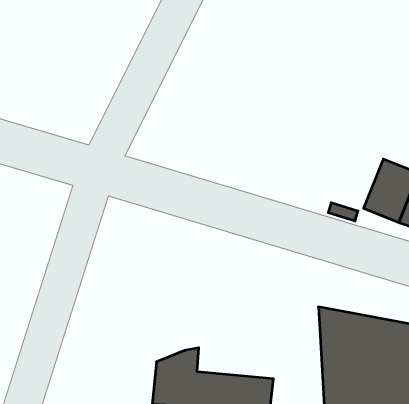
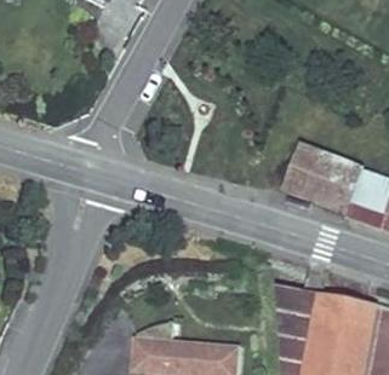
building: none -> [285,145,333,200]

